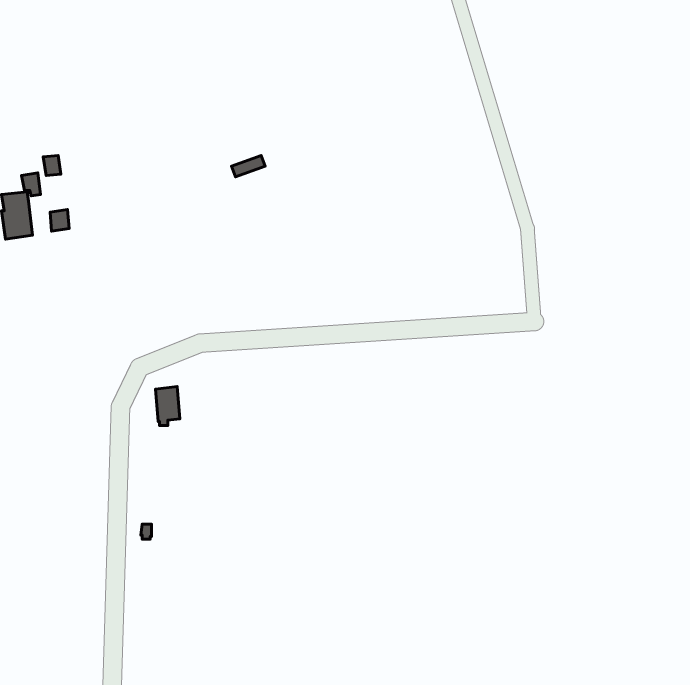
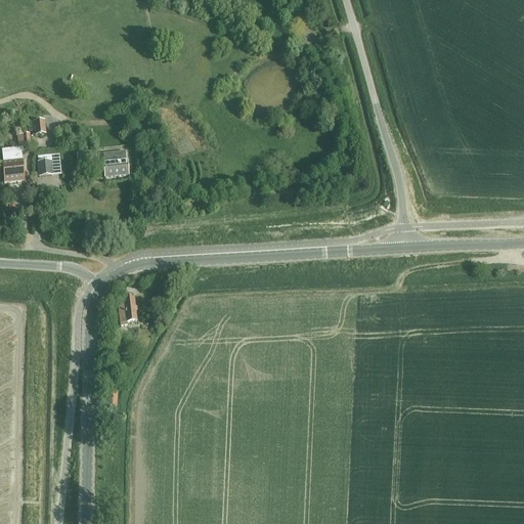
building: none -> [103,149,129,176]

